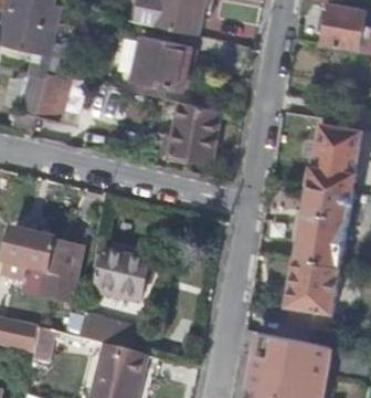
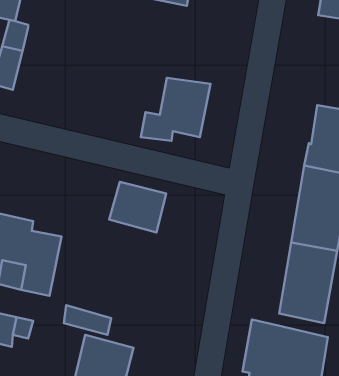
building: [134,35,193,91] -> none
building: [36,74,71,121] -> none
building: [98,251,151,298] -> [109,182,166,233]

